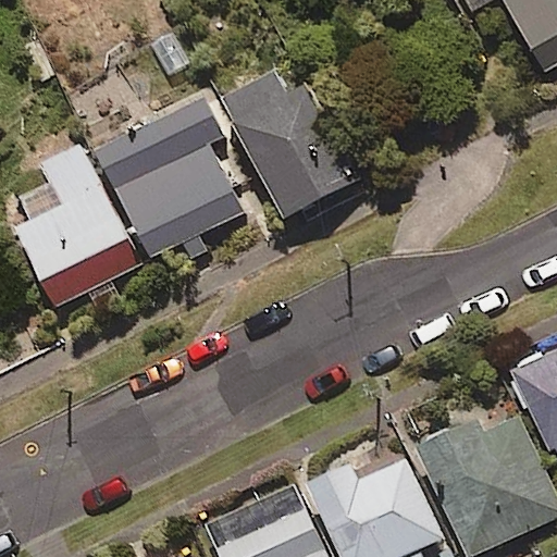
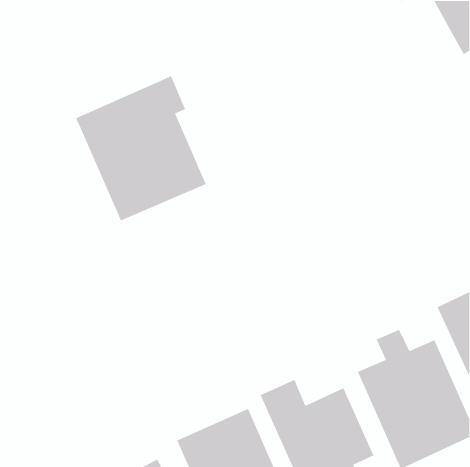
building: [224,60,355,216] -> none
building: [14,146,141,308] -> none

